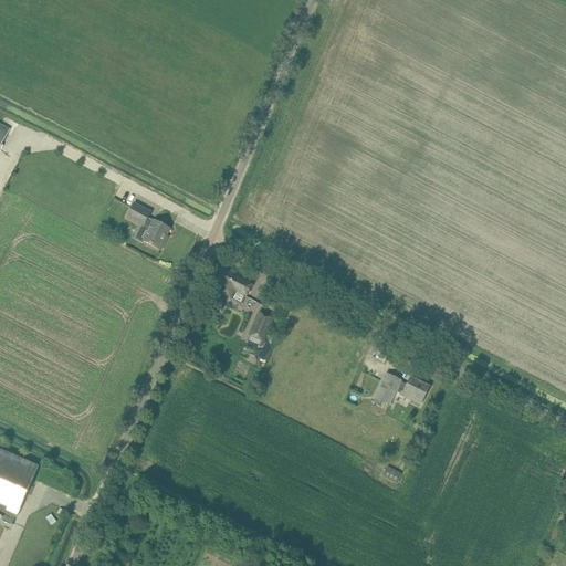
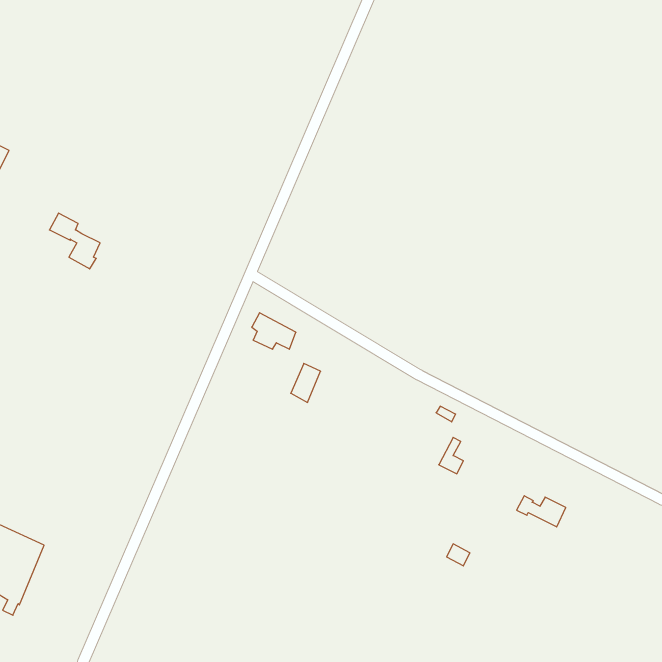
building: [125,202,168,250] -> [49,213,100,269]
building: [386,376,428,402] -> [517,496,566,527]

